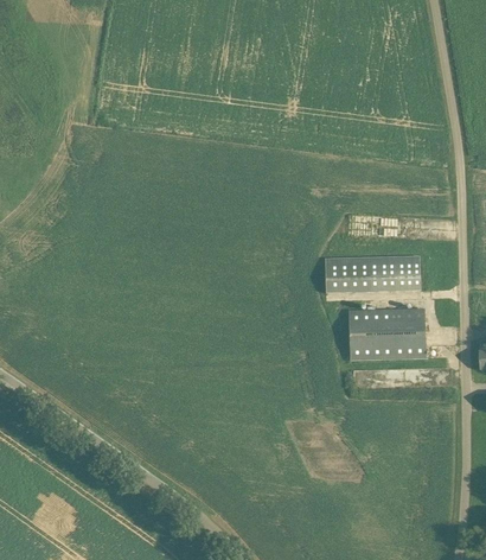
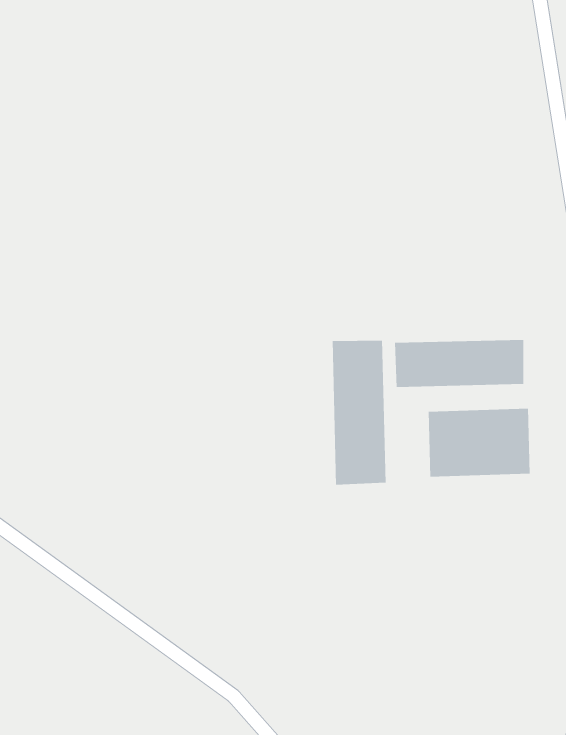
building: none -> [332,340,386,486]

